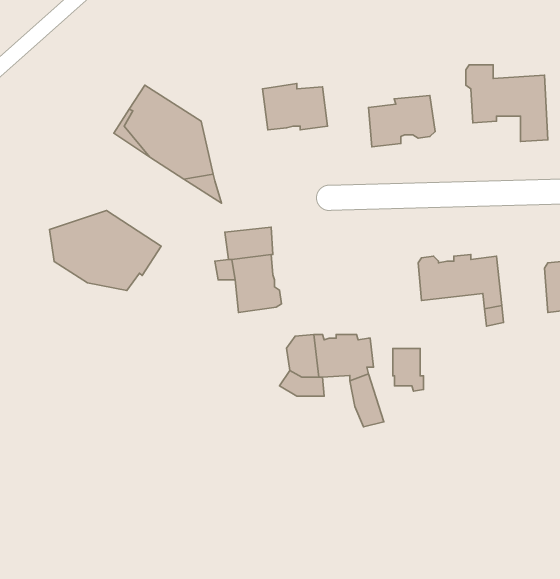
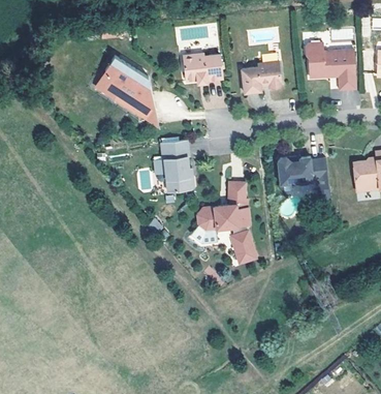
building: [50,211,161,291] -> none
building: [393,348,424,391] -> [228,183,247,209]

